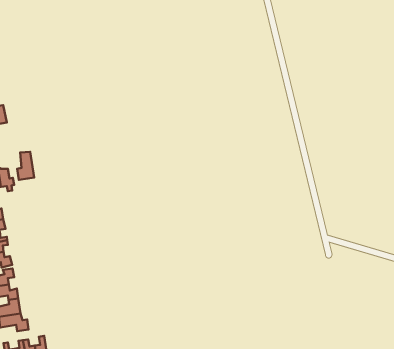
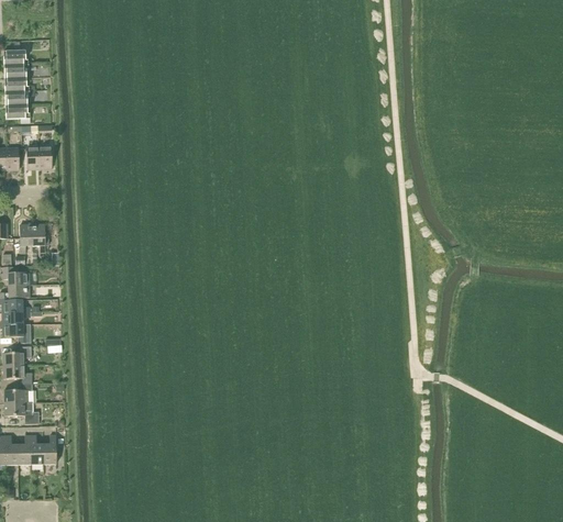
building: [17,152,34,180] -> none

